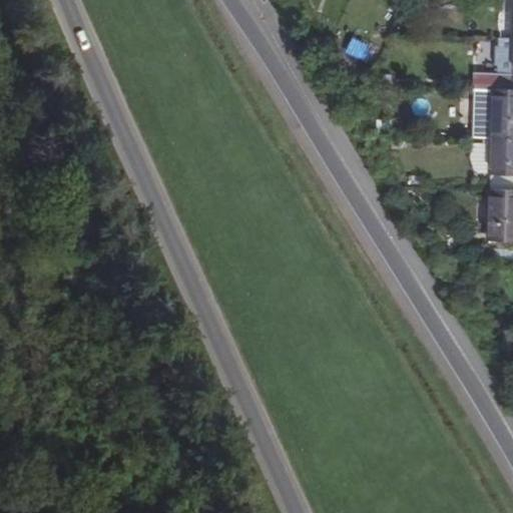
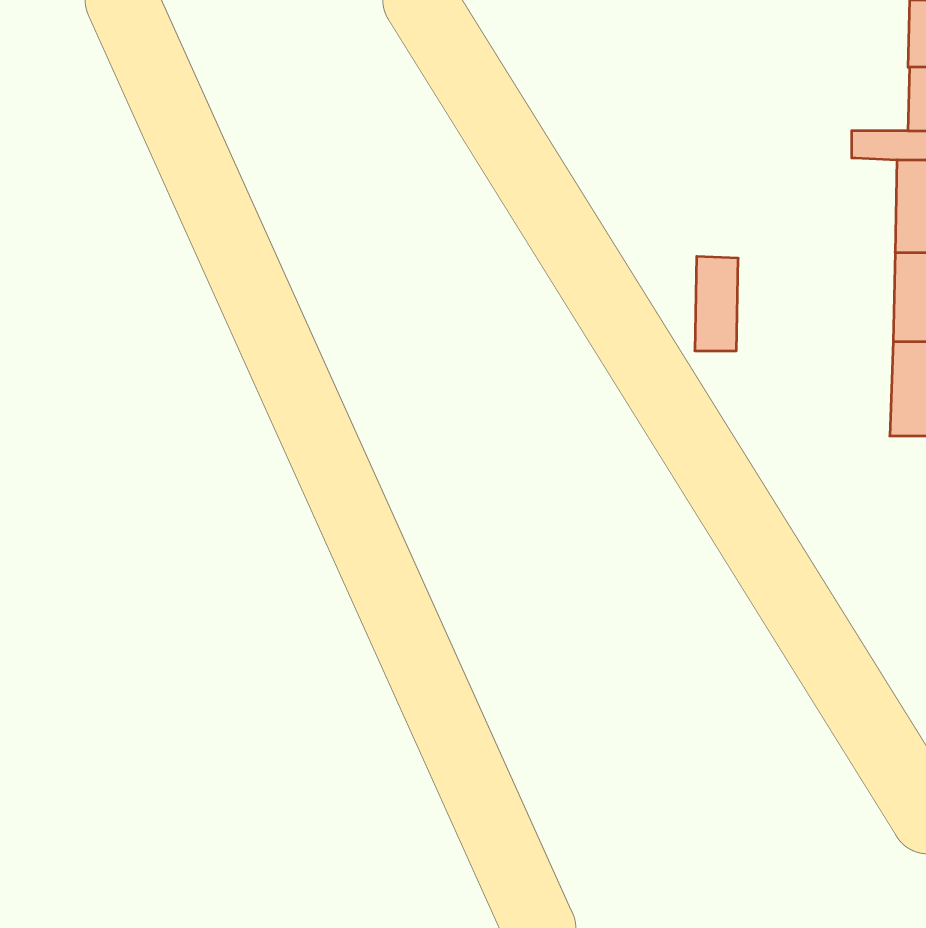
building: [472,87,496,139] -> [695,256,738,351]

